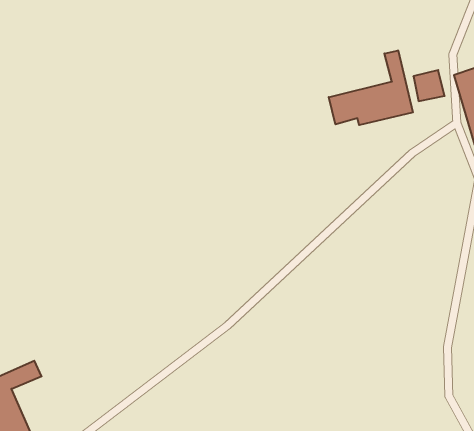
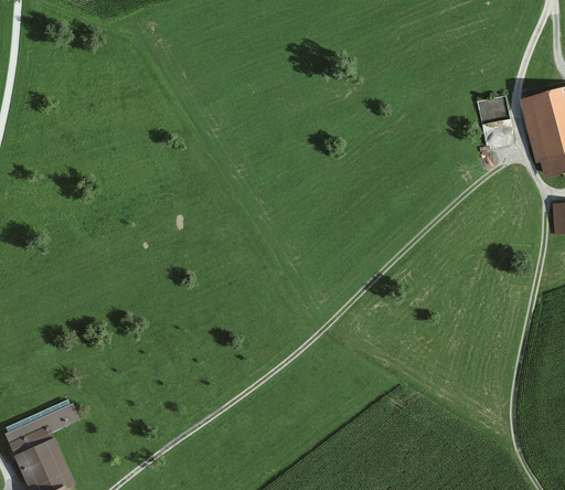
building: [329,50,413,125] -> none

